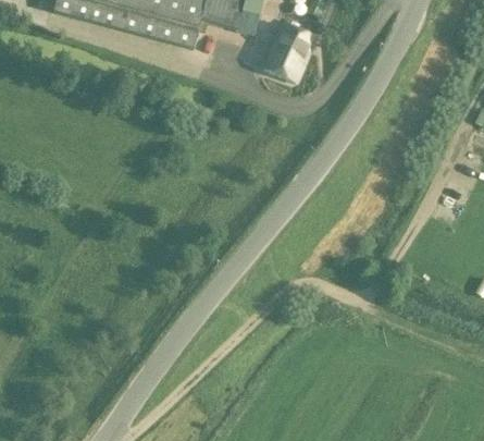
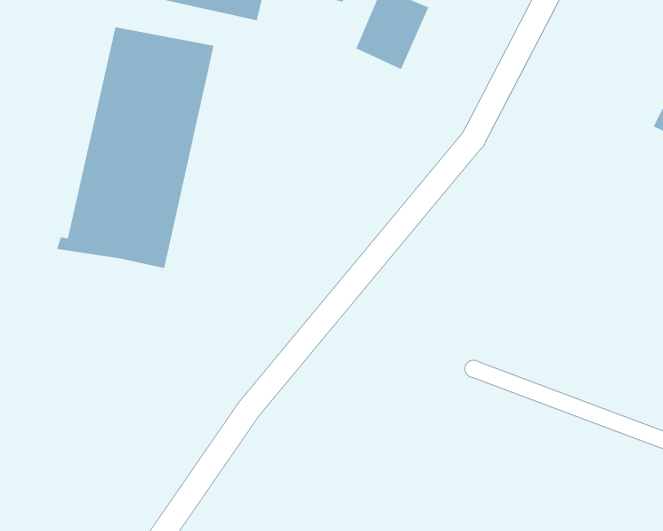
building: none -> [56,27,214,269]

